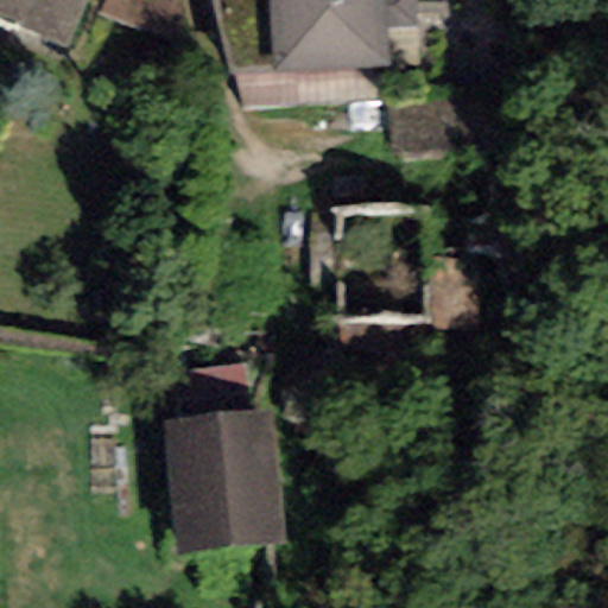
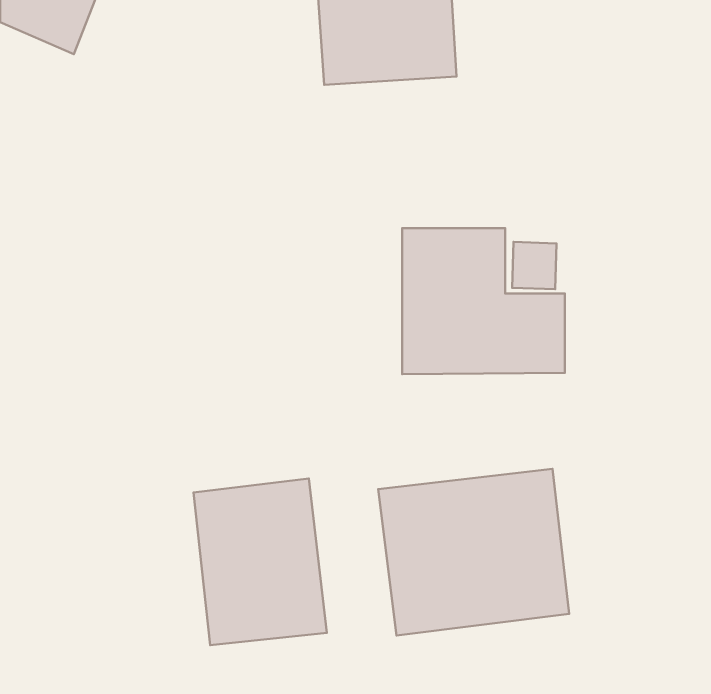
building: none -> [378,469,569,636]

